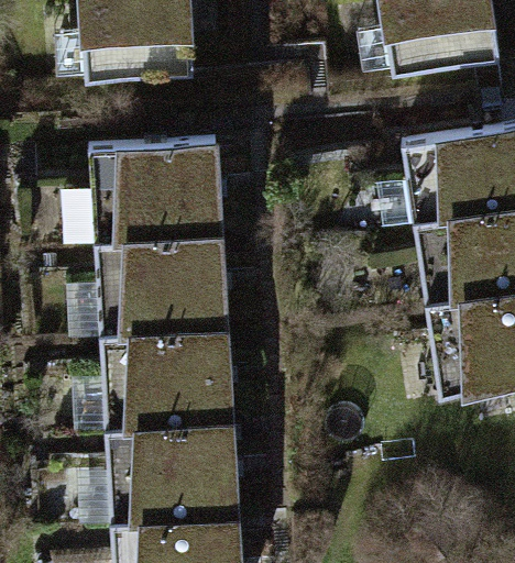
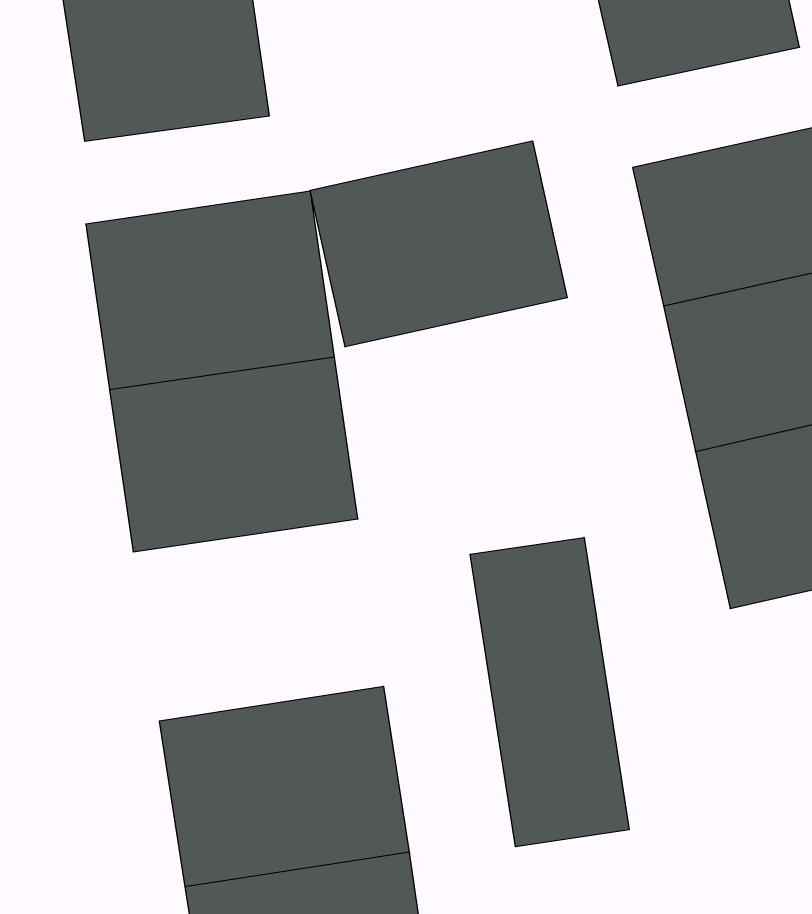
building: none -> [310,141,567,347]
building: [98,314,234,420] -> none
building: none -> [470,537,629,847]

